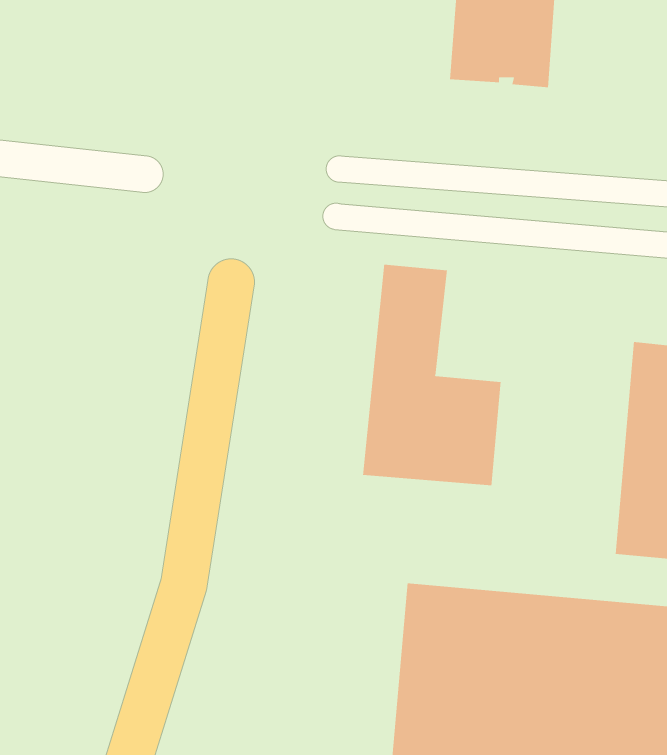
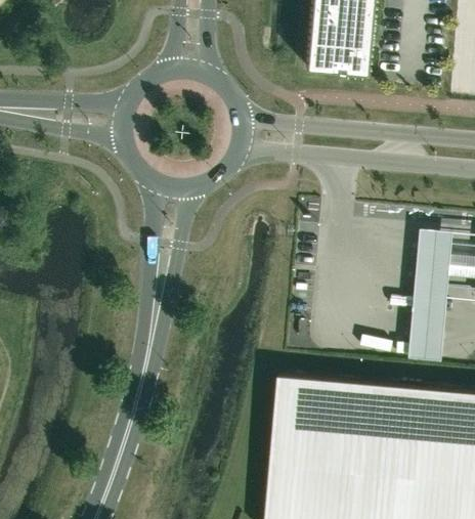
building: [362,264,501,486] -> none

